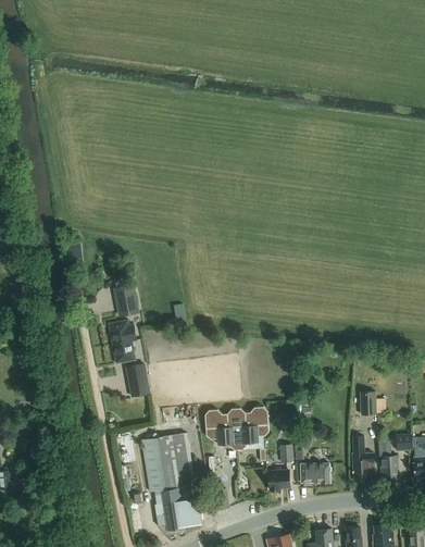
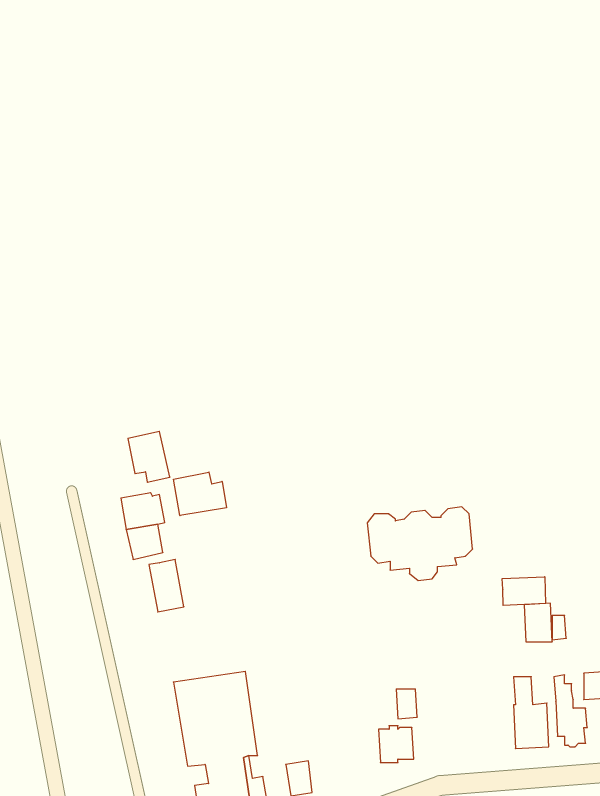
building: none -> [174,472,226,516]
building: none -> [502,577,546,605]
building: [202,403,267,449] -> [367,507,473,581]
building: [299,463,330,483] -> none

